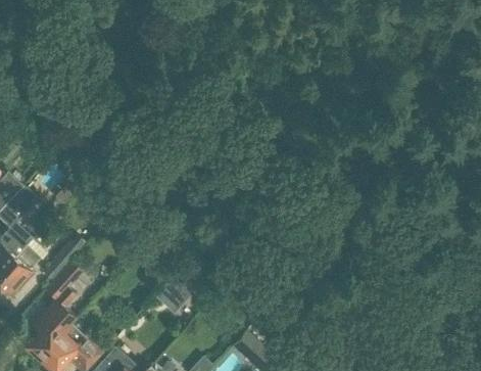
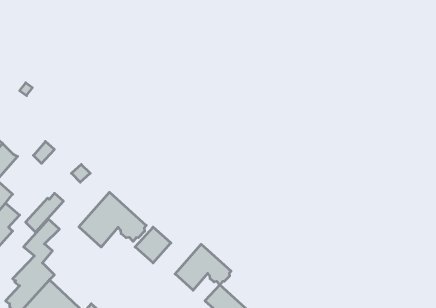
building: none -> [79,192,146,247]
building: none -> [175,244,231,290]

